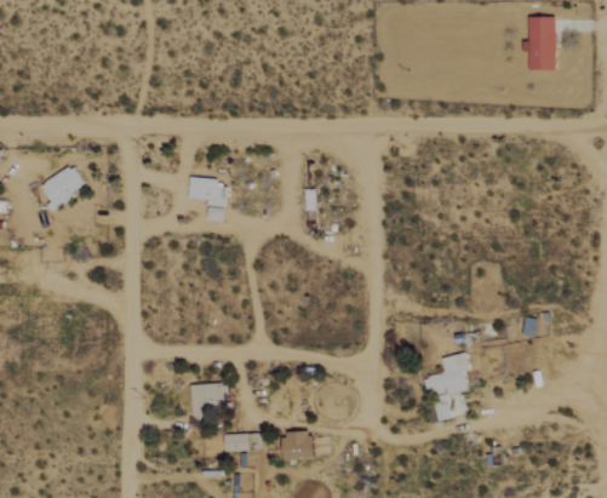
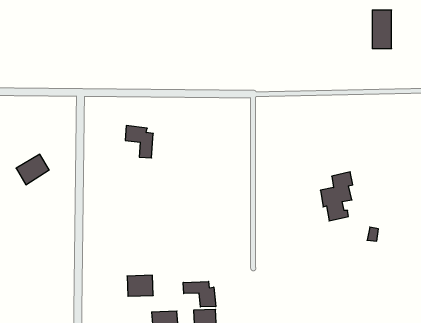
building: [39,165,85,207] -> [16,154,49,185]
building: [425,351,470,419] -> [320,172,353,221]
building: none -> [183,281,216,307]

